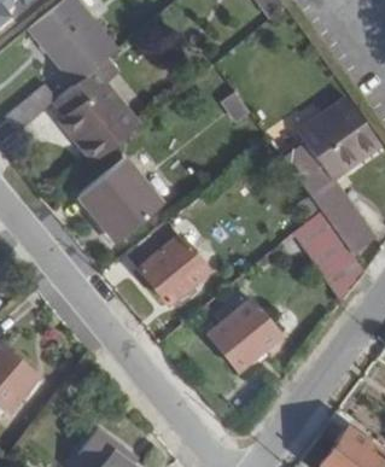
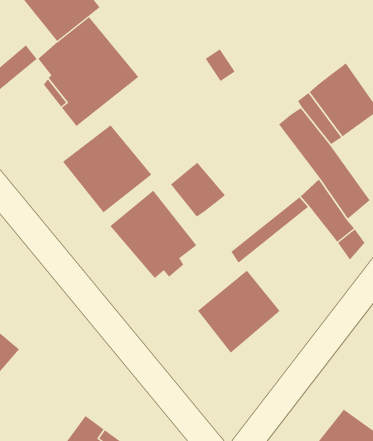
building: none -> [170,162,226,217]

